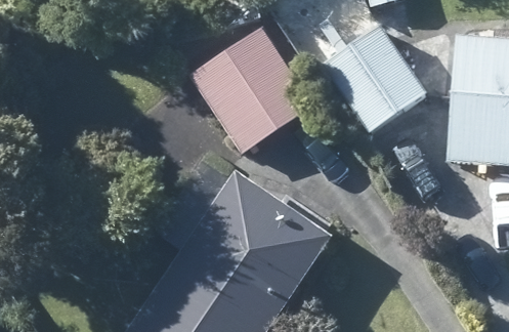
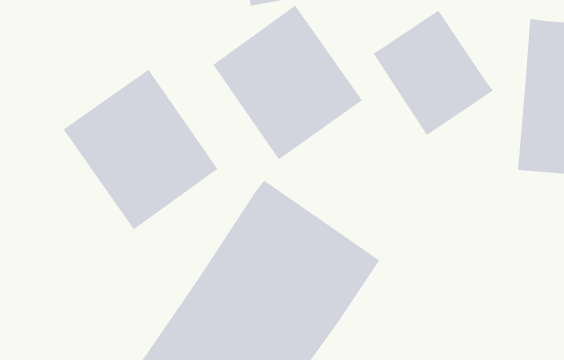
building: none -> [63,69,218,230]

